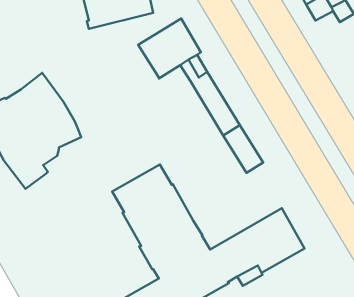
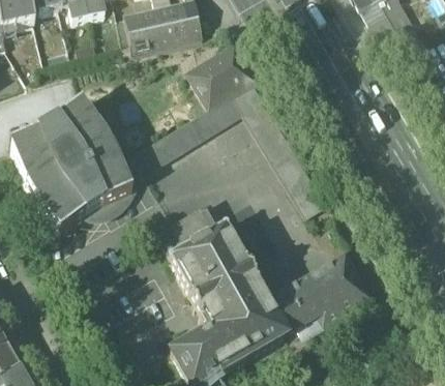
building: none -> [82,93,245,217]

